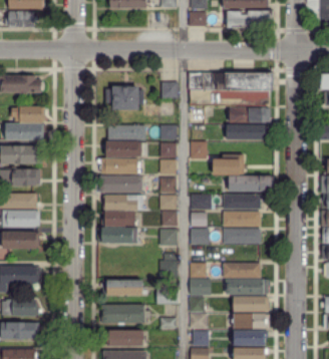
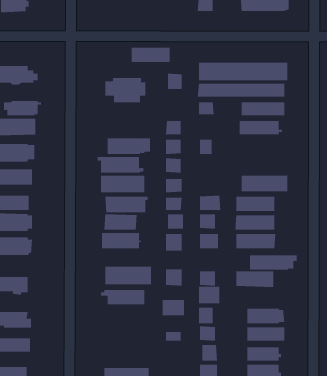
building: [108,125,144,139] -> [131,47,170,63]
building: [210,159,243,173] -> none
building: [226,280,270,294] -> [249,255,298,270]
building: [101,305,144,322] -> [104,266,152,285]
building: [108,330,141,344] -> none

